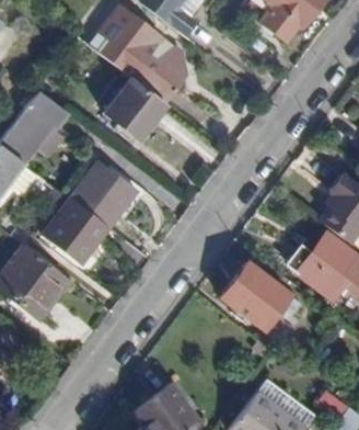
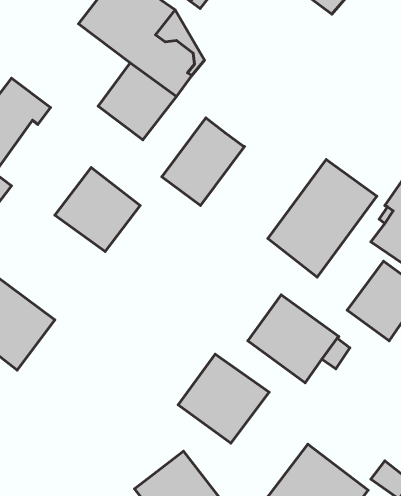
building: none -> [162,118,244,206]
building: none -> [268,160,377,277]
building: [43,199,109,263] -> none
building: none -> [178,354,269,443]

